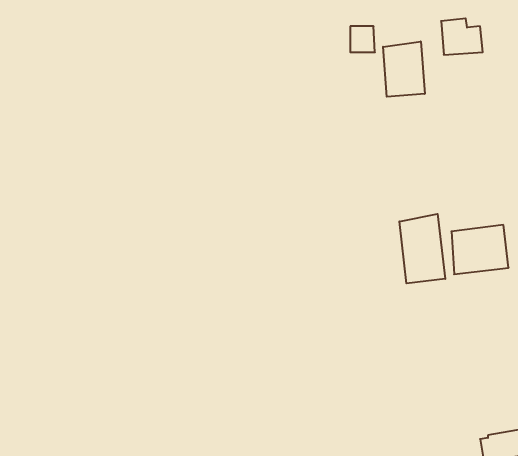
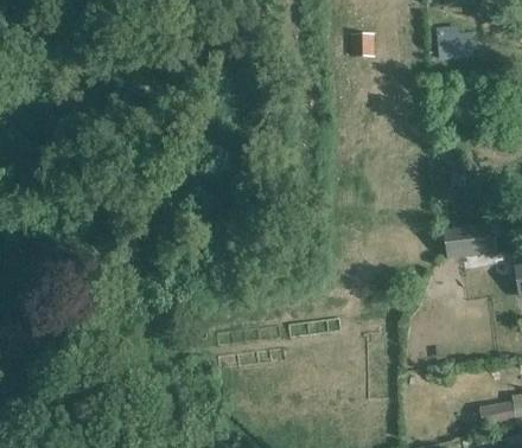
building: [383,41,425,97] -> none
building: [399,214,445,283] -> none

